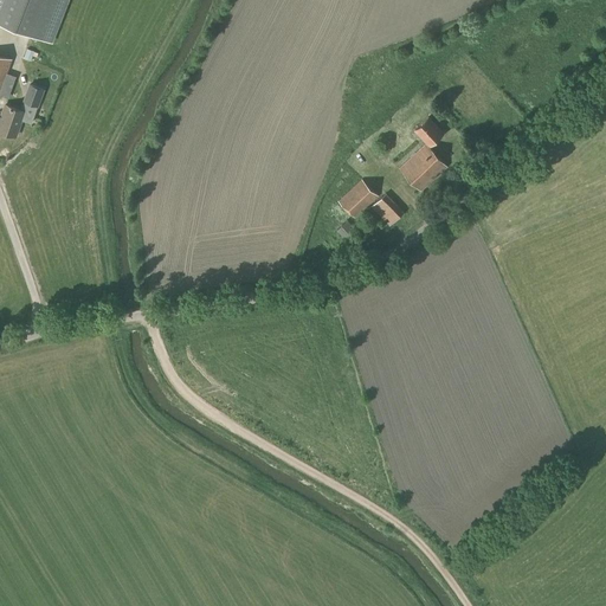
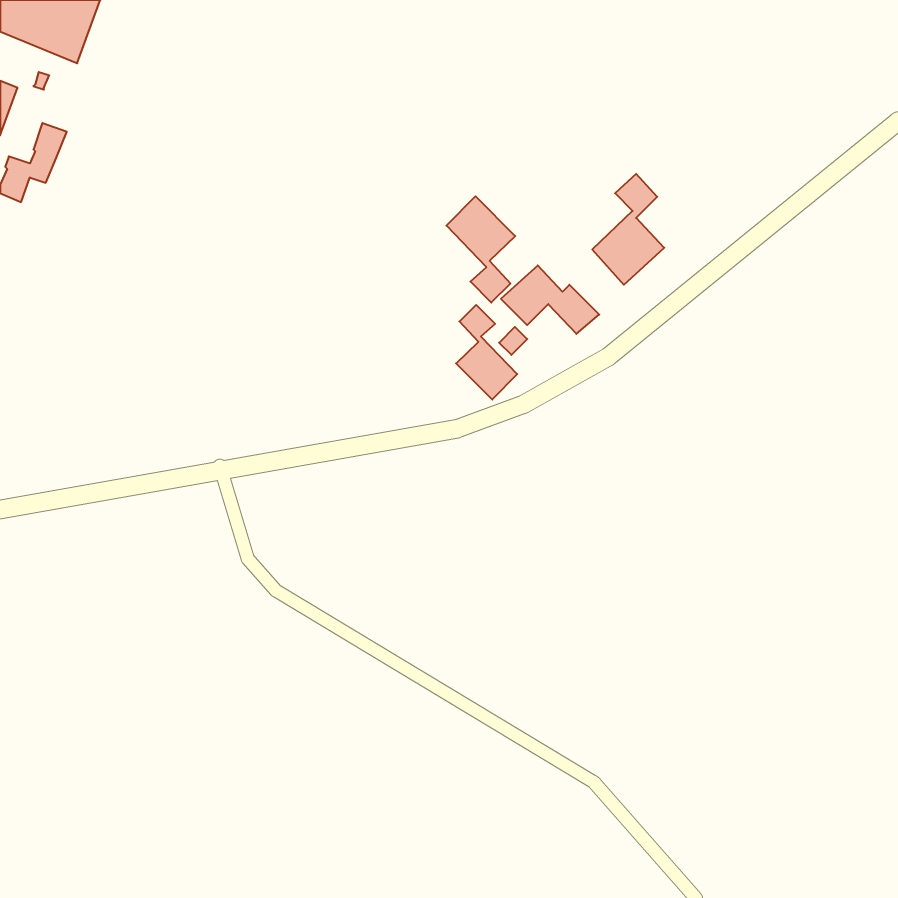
building: none -> [446,196,515,303]
building: none -> [456,305,517,400]

